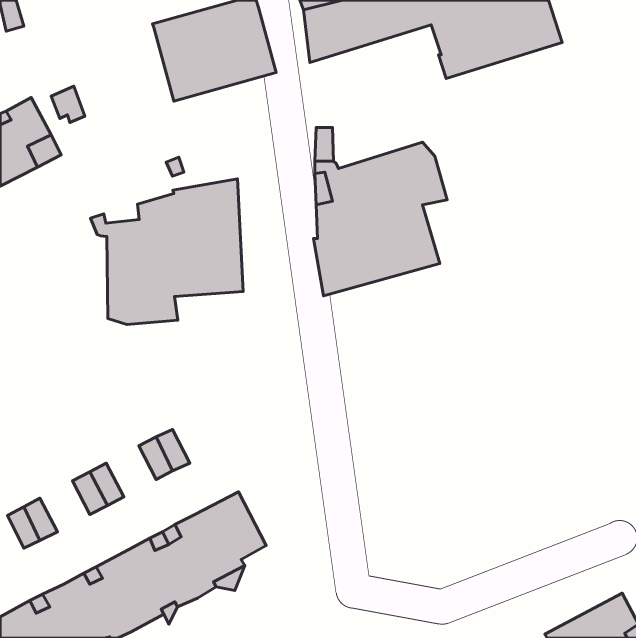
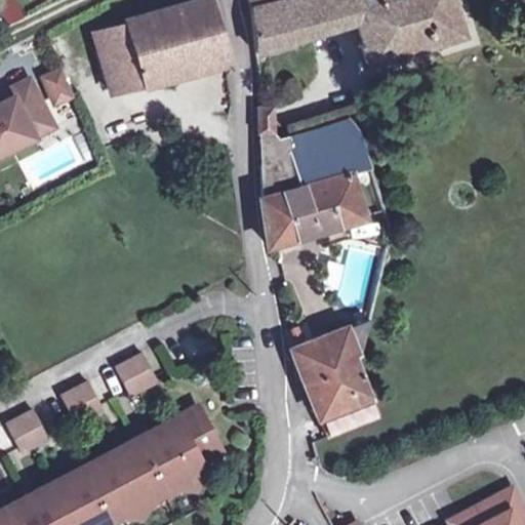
building: none -> [95,23,145,91]
building: [90,179,243,324] -> none
building: none -> [293,318,380,436]

